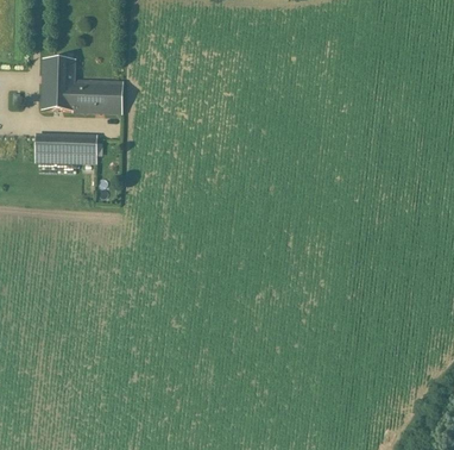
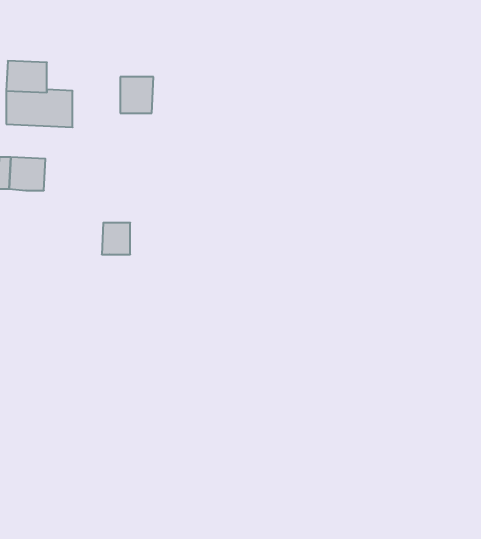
building: [95,83,121,112] -> [120,77,153,113]
building: [72,137,95,162] -> [102,223,130,254]

